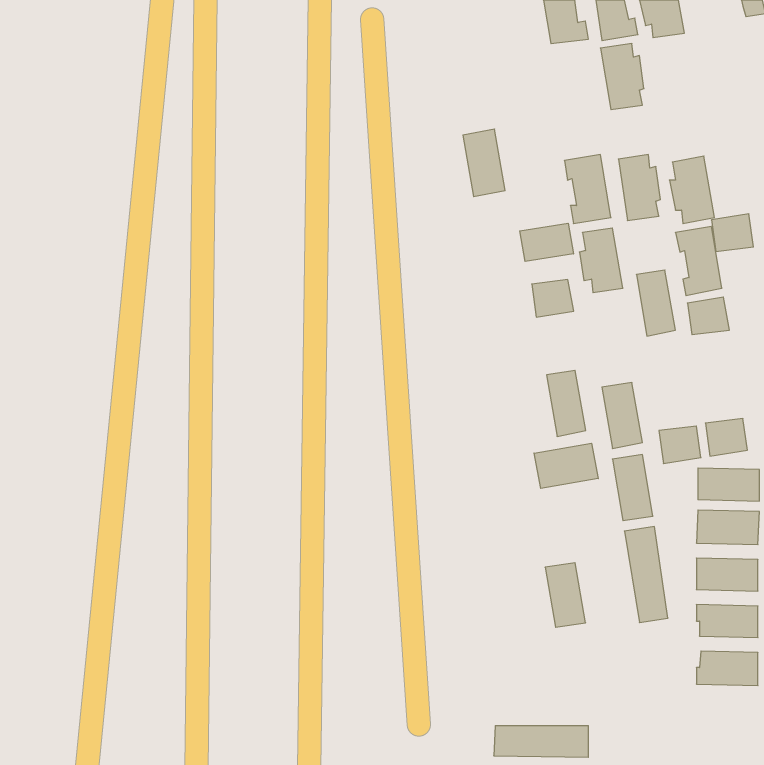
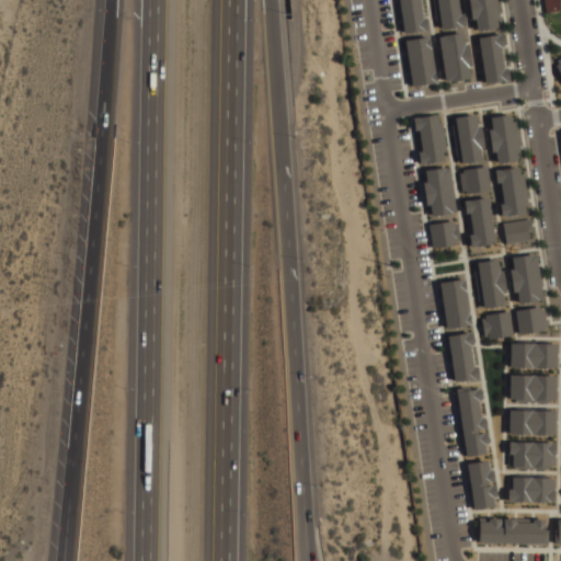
building: none -> [479,33,513,83]
building: [463,129,505,197] -> [408,37,438,87]
building: [711,214,753,251] -> [461,167,492,194]
building: [520,223,573,261] -> none
building: [532,280,574,317] -> [432,221,462,249]
building: none -> [512,254,543,302]
building: [547,370,586,436] -> [478,259,506,307]
building: [534,443,598,488] -> none
building: [545,563,586,627] -> [469,460,499,507]
building: [494,726,588,757] -> [480,519,549,542]

